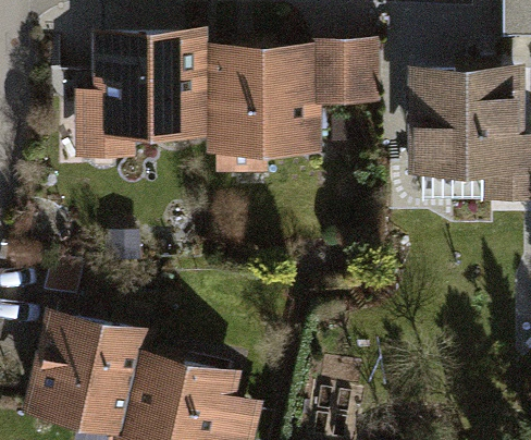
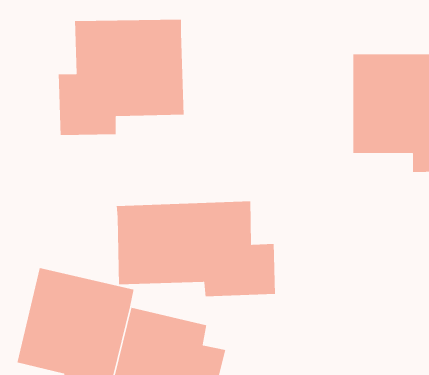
building: [214,38,382,157] -> none
building: none -> [116,201,276,297]

